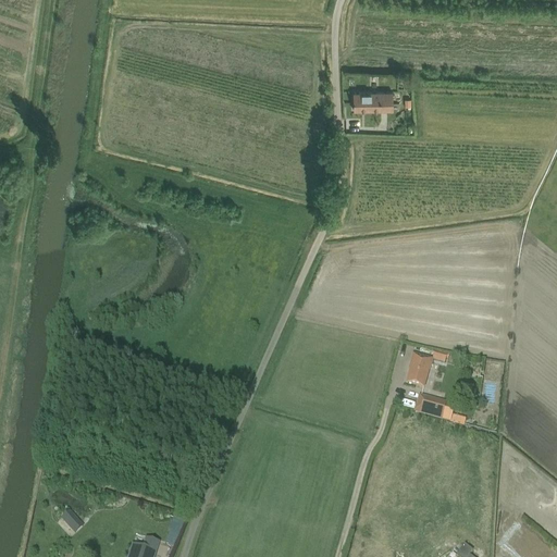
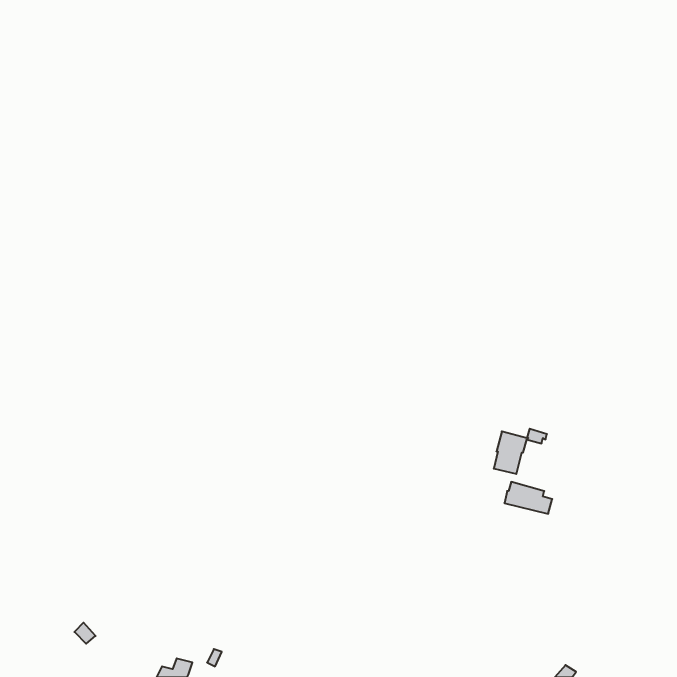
building: [354,90,394,109] -> none

